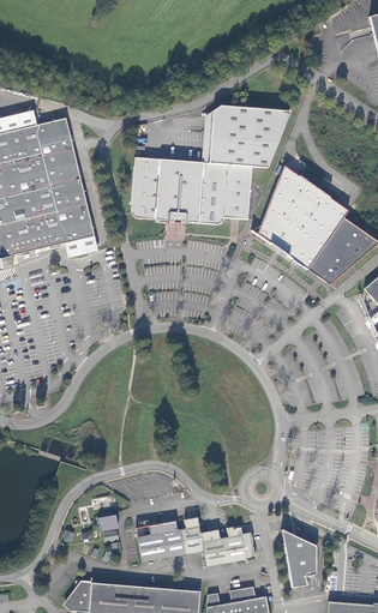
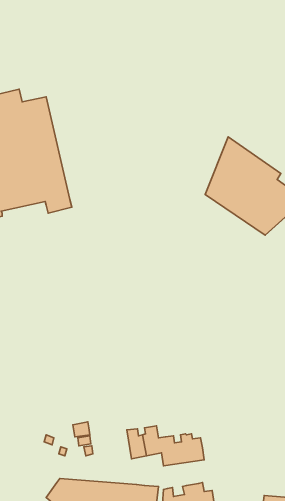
building: [131,103,290,222] -> none
building: [137,522,168,561] -> none
building: [281,529,316,587] -> none

